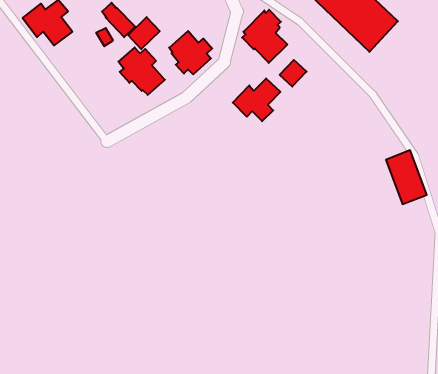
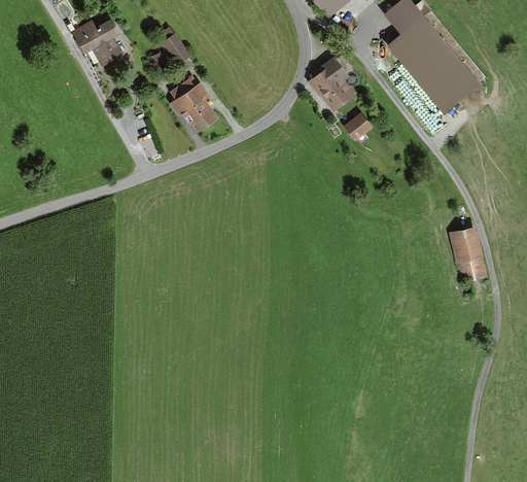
building: [128,17,160,49] -> none
building: [169,31,212,74] -> none
building: [233,78,280,121] -> none

